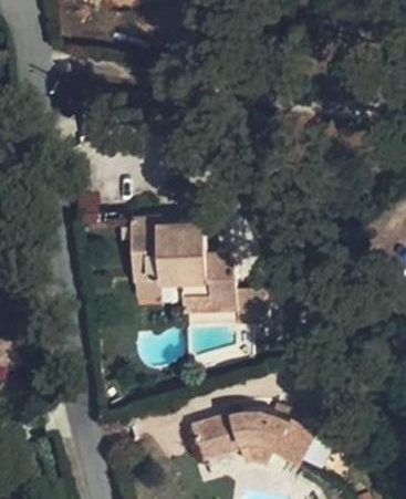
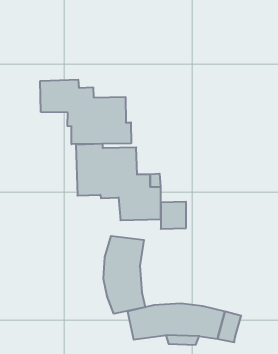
building: none -> [40,80,131,144]
building: none -> [103,236,145,314]

